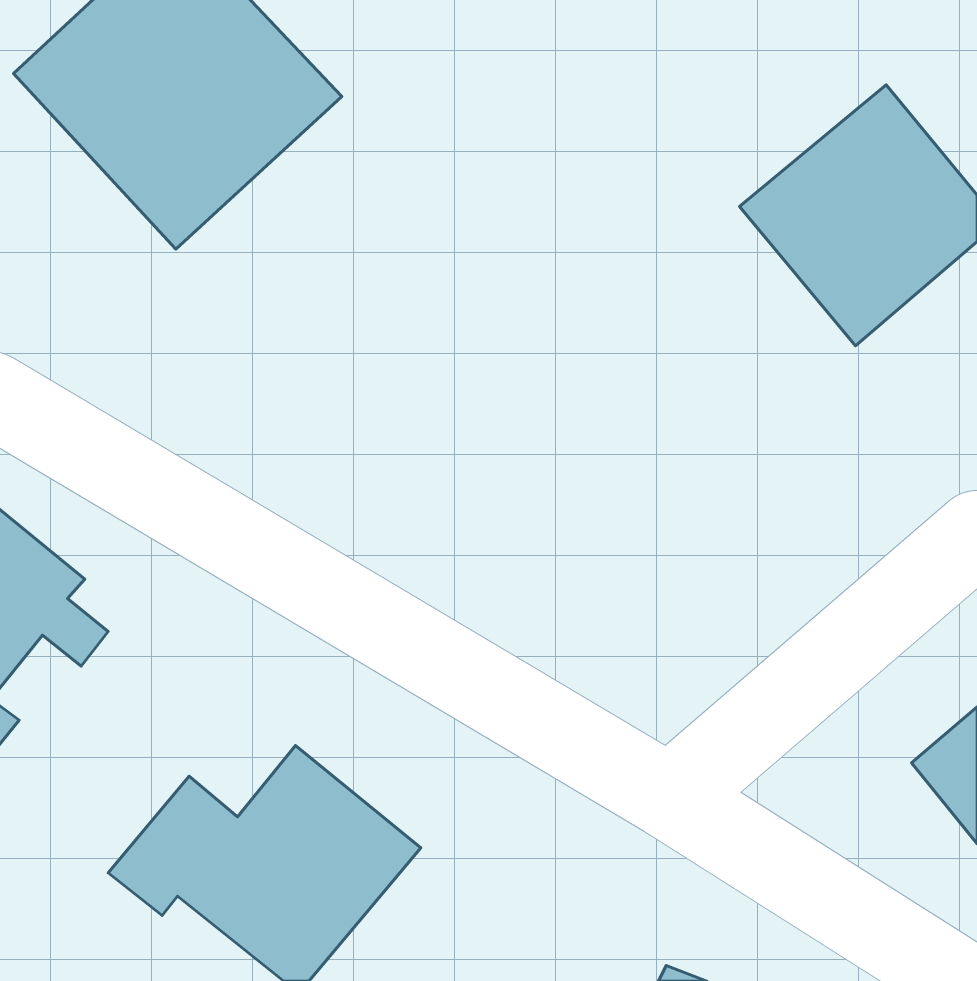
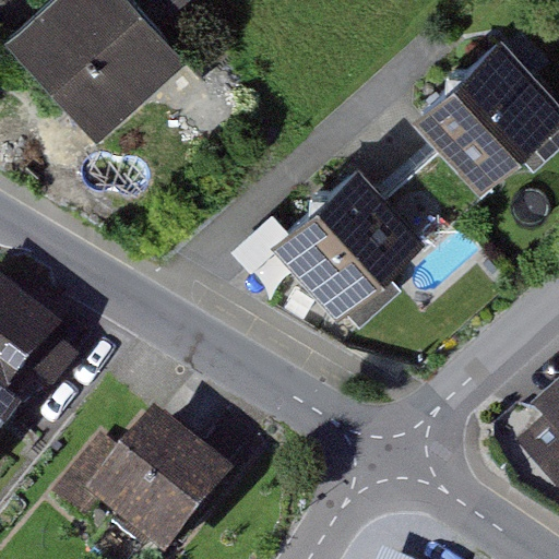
building: none -> [275,165,436,323]

